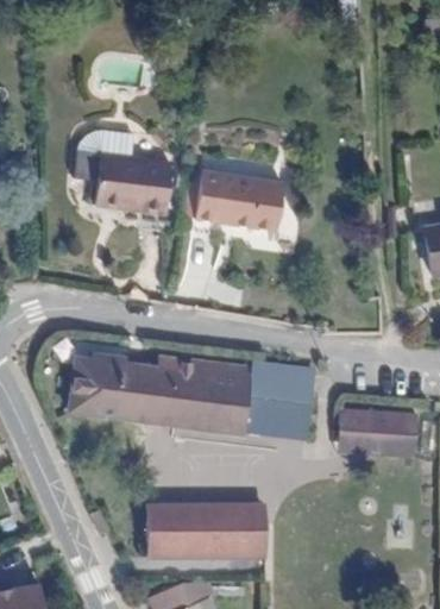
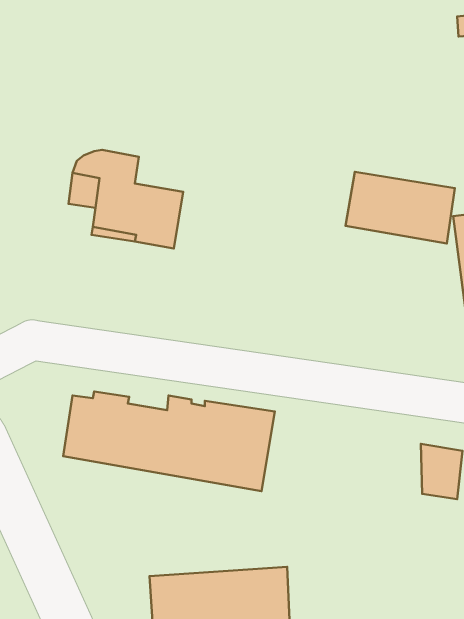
building: [182,175,278,238] -> [346,172,455,243]
building: [249,362,320,447] -> none
building: [340,389,390,440] -> none

